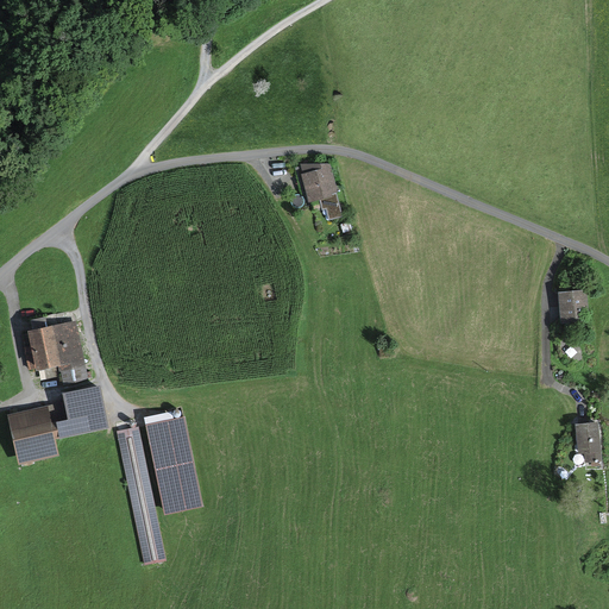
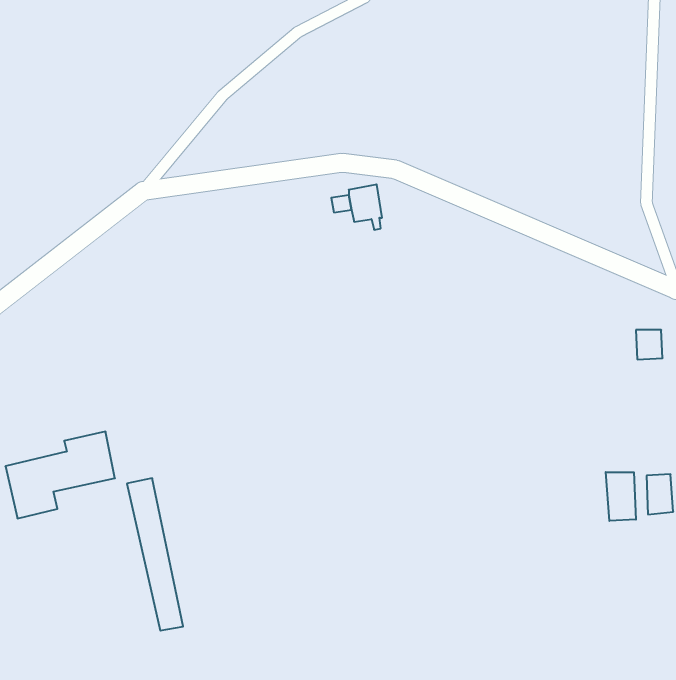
building: [27,321,90,377] -> none
building: [145,416,202,503] -> none
building: none -> [606,472,636,521]

